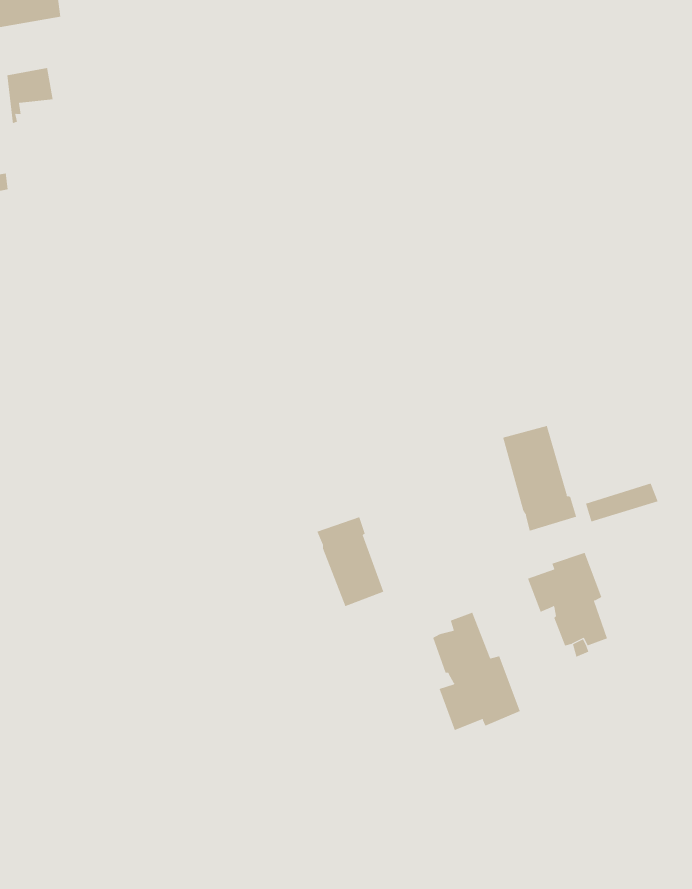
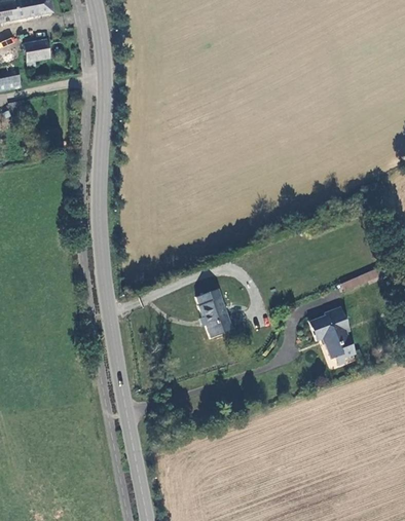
building: [503,425,577,532] -> none
building: [432,612,520,731] -> none

